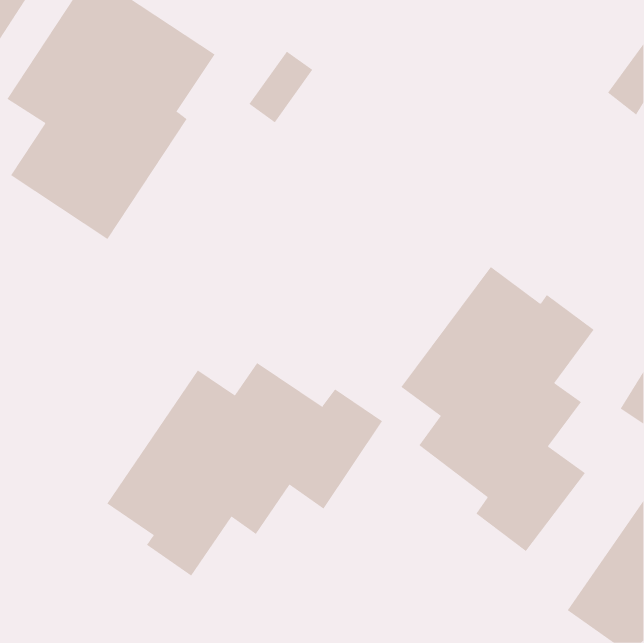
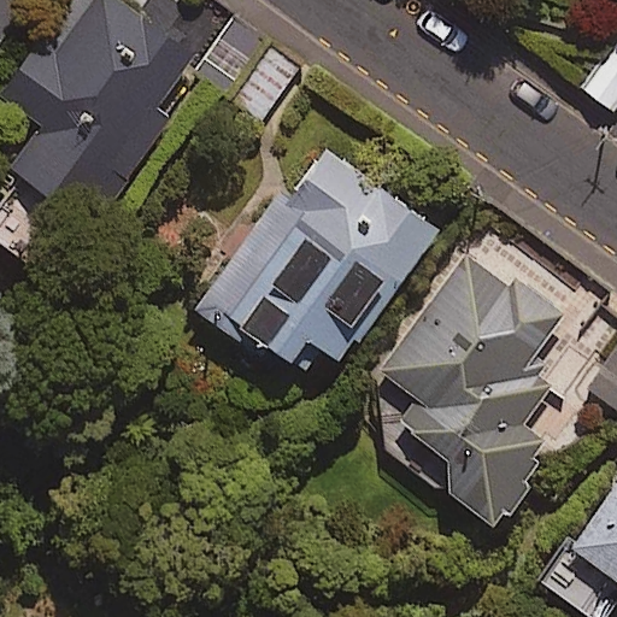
building: none -> [201,148,441,366]
building: [107,362,383,576] -> none

